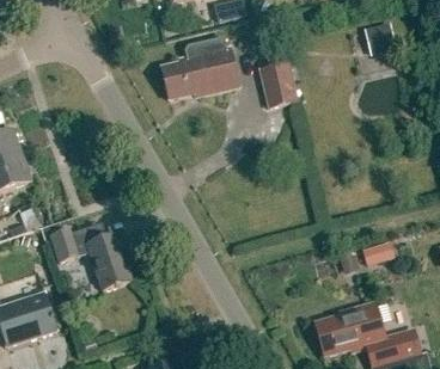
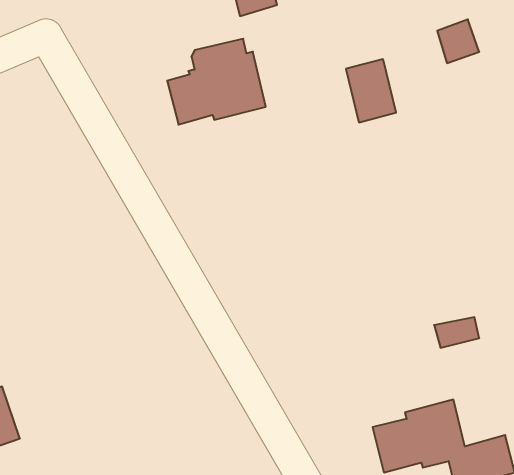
building: [257,60,294,106] -> [346,59,396,122]
building: [51,225,130,289] -> none

